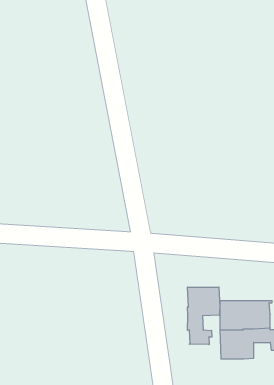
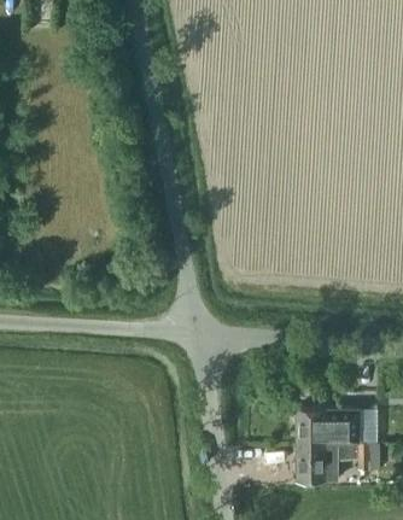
building: [187,287,220,345] -> none

